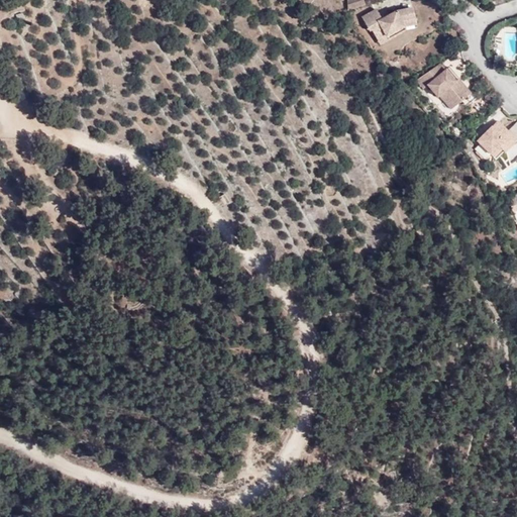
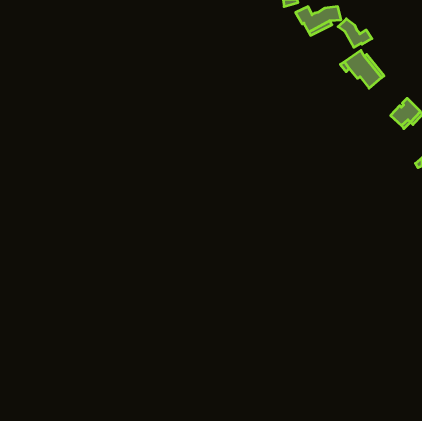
building: none -> [338,19,372,47]

